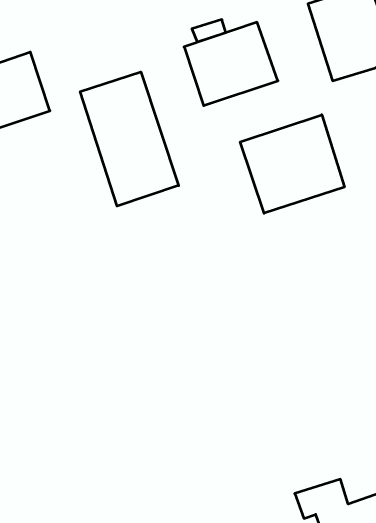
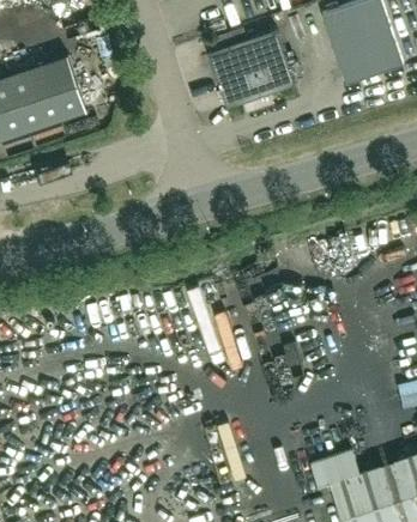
building: [80,72,179,206] -> none
building: [240,115,344,213] -> none

